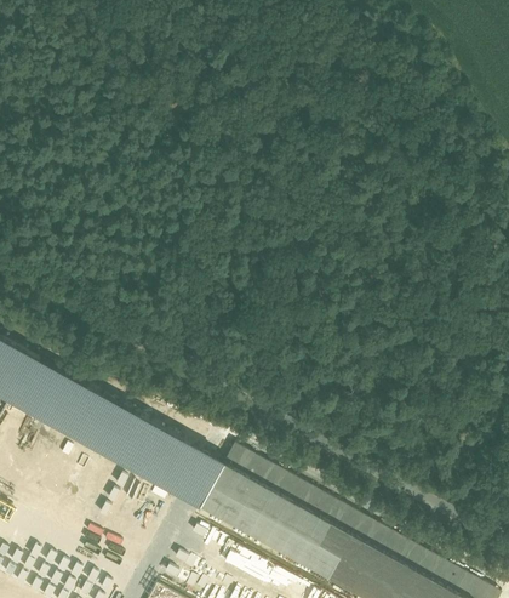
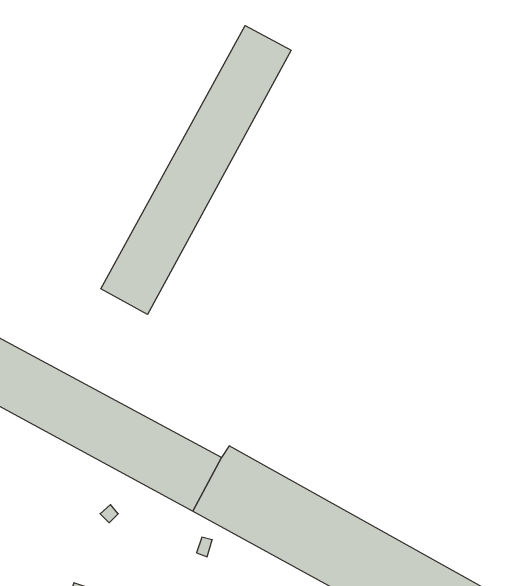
building: none -> [101,26,291,314]

